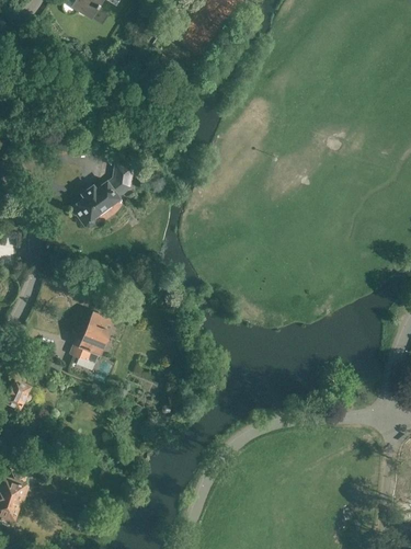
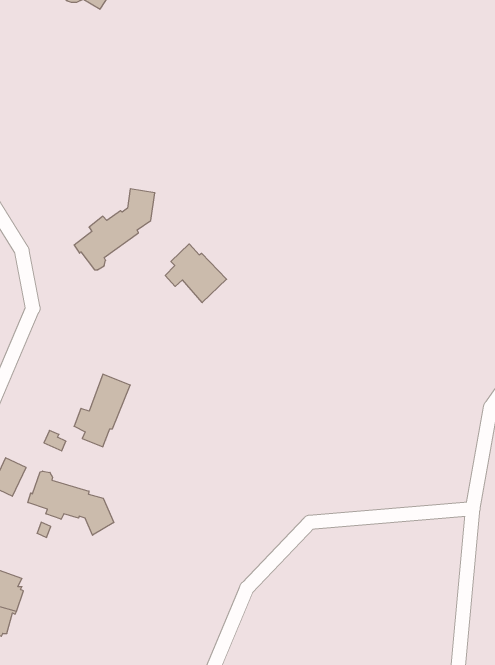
building: none -> [165,244,227,303]
building: none -> [28,471,114,535]

